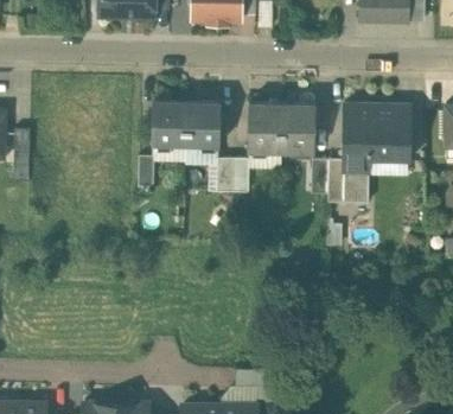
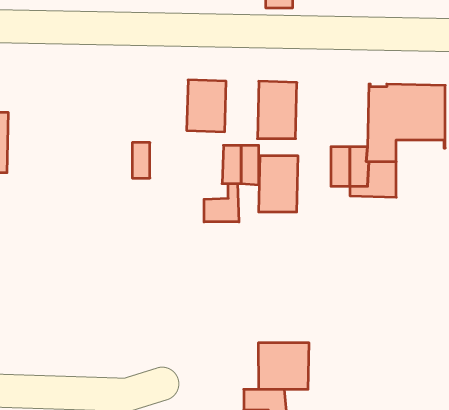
building: [152,101,186,145] -> none
building: [280,103,314,152] -> [259,156,298,212]
building: none -> [204,184,239,222]
building: none -> [259,343,309,389]

